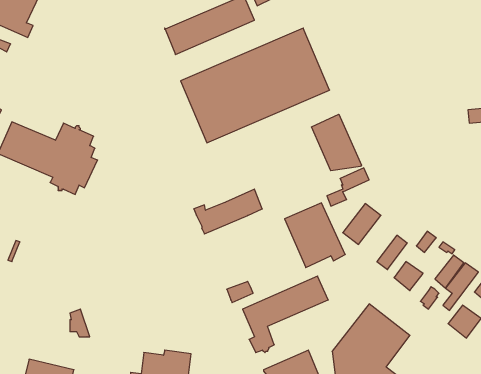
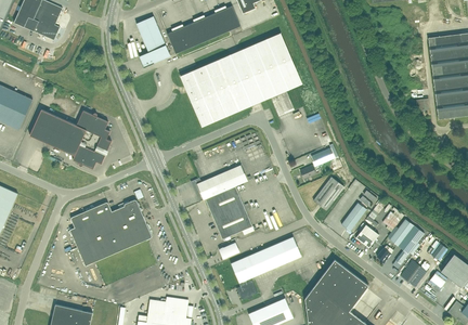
building: none -> [136,16,170,67]
building: [312,114,361,171] -> none
building: [285,203,345,268] -> [205,186,255,239]
building: none -> [69,199,152,265]

